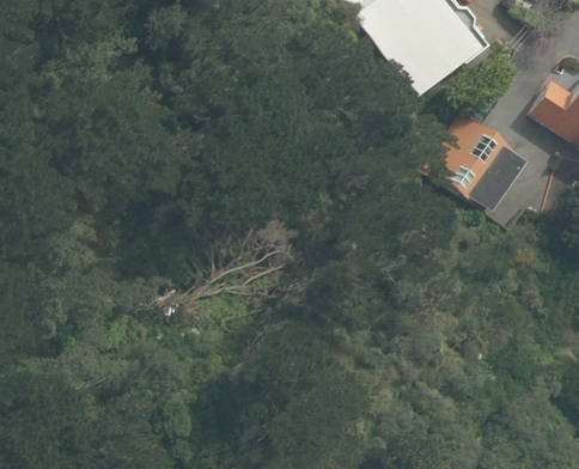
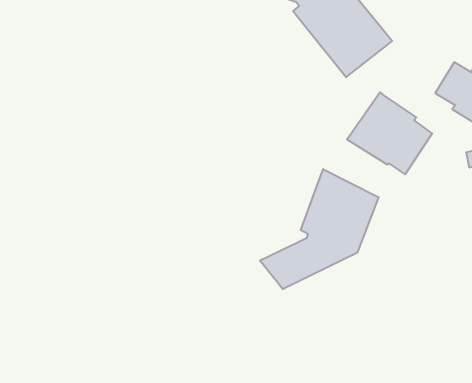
building: none -> [260,169,379,289]

